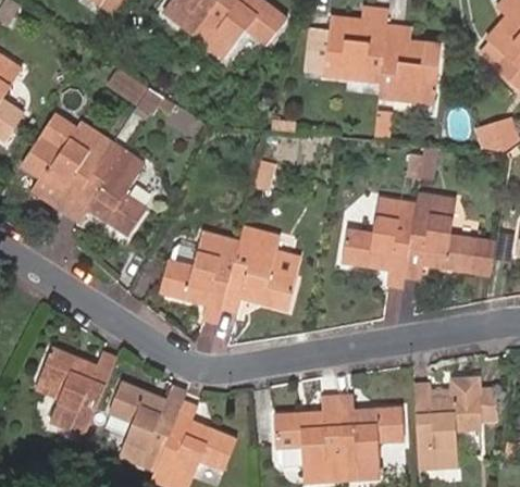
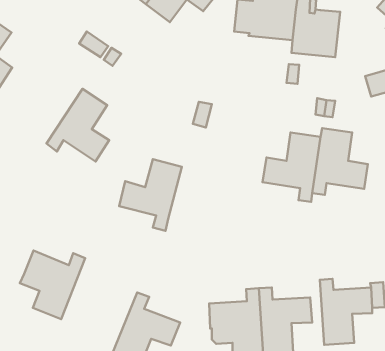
building: [22,113,113,212] -> none
building: [222,226,297,311] -> none
building: [109,383,186,470] -> none

